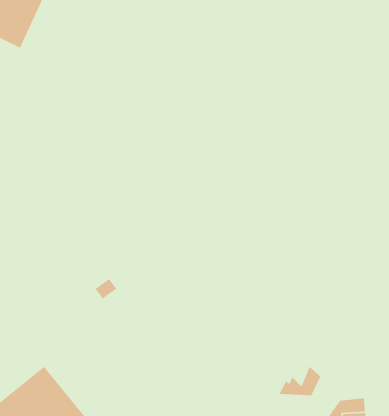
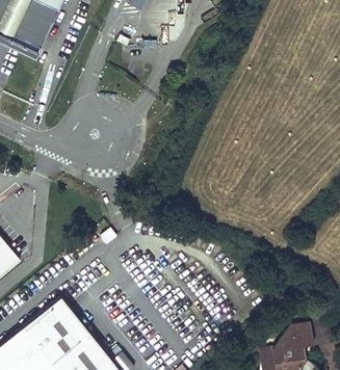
building: [278,366,321,396] -> none

